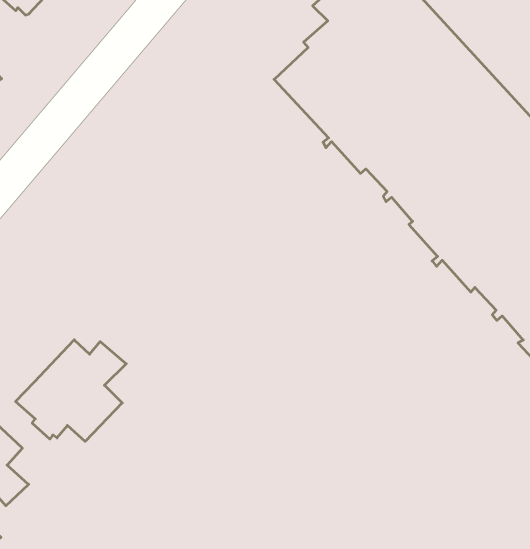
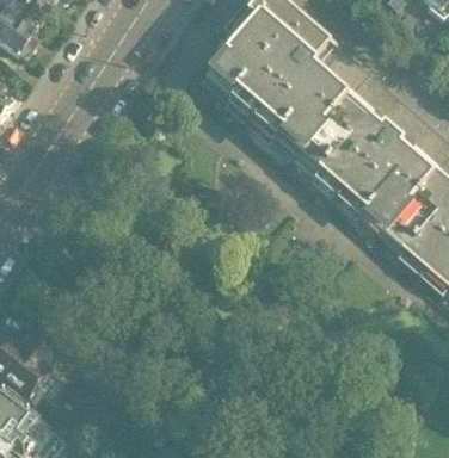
building: [16,340,126,441] -> none

